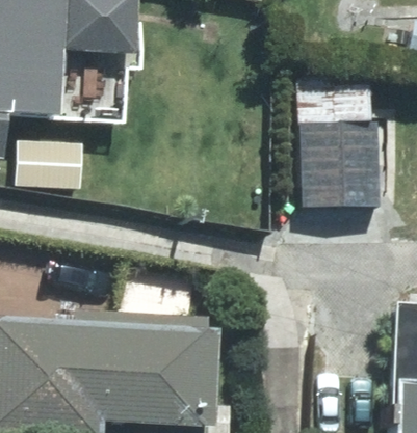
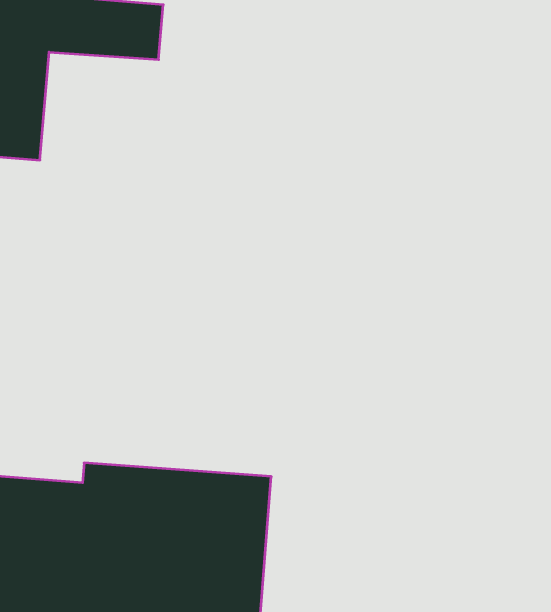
building: [310,81,379,206] -> none

